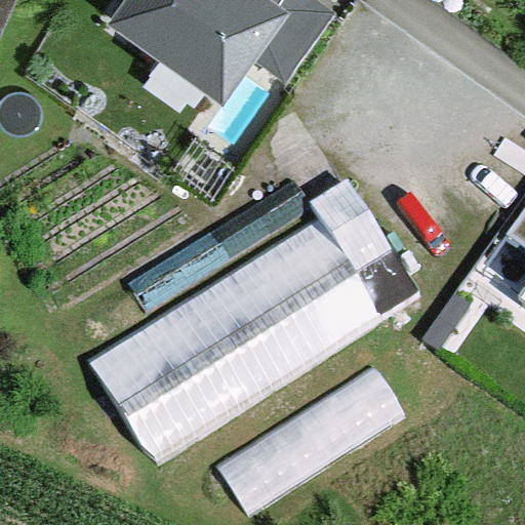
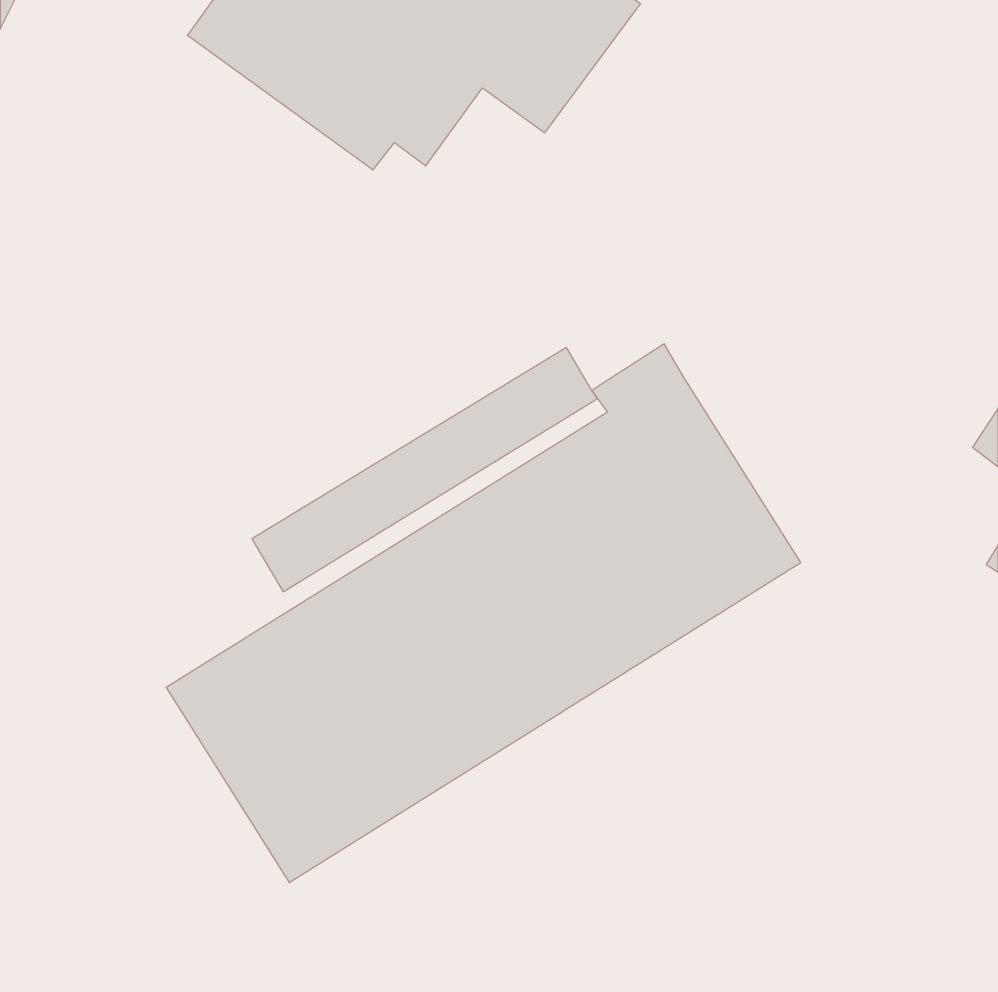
building: [223,366,411,512] -> none

